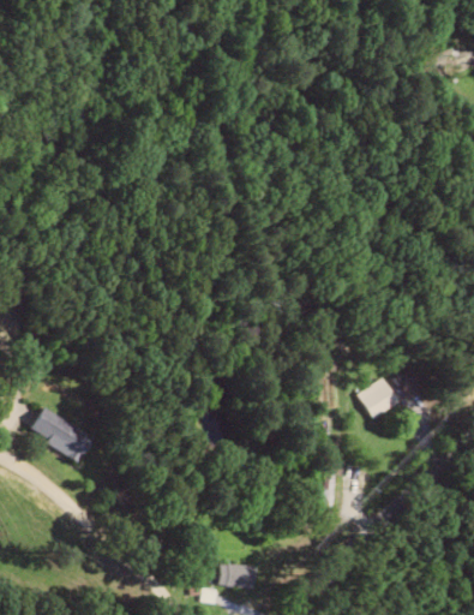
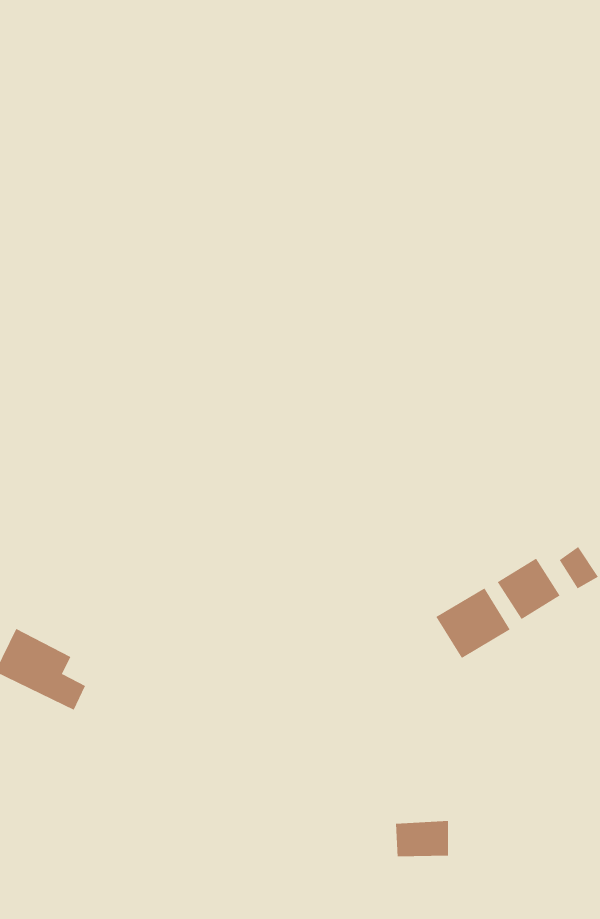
building: none -> [436,588,510,659]
building: [221,565,256,587] -> [395,821,449,857]

